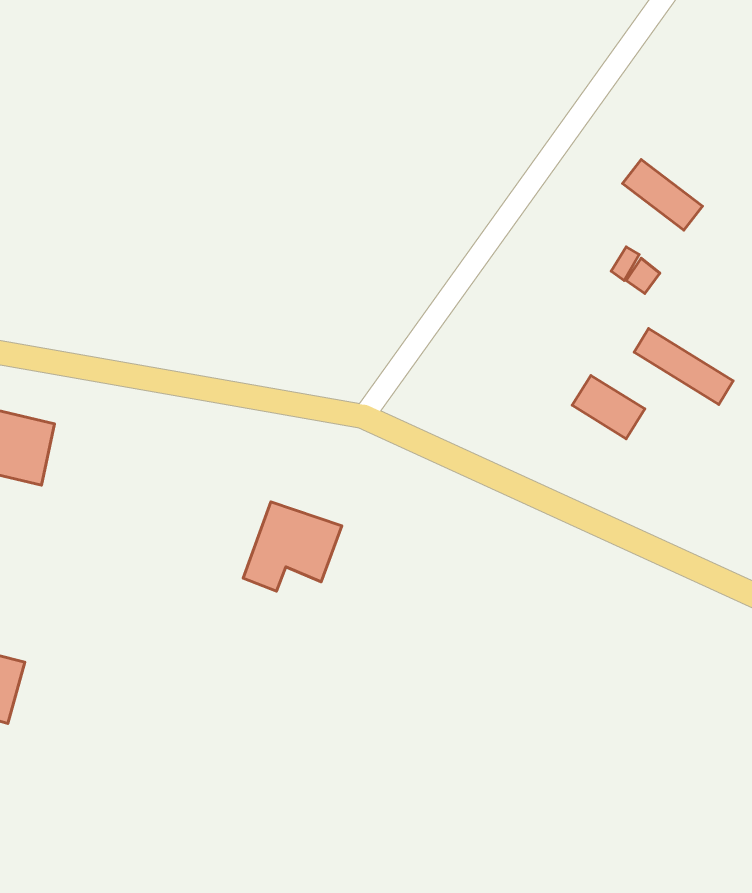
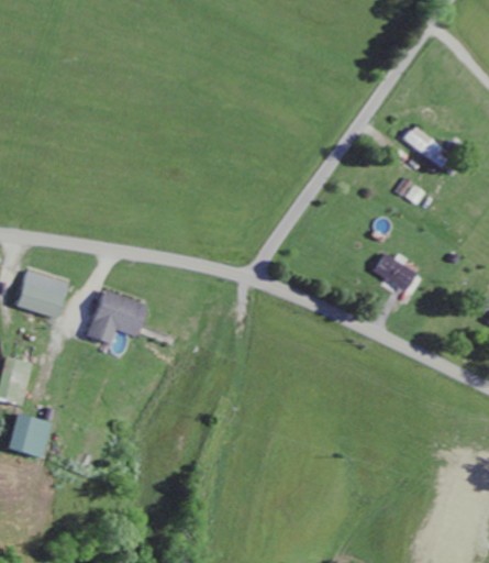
building: [634,328,733,405] -> none
building: [243,502,342,591] -> [89,289,147,342]

